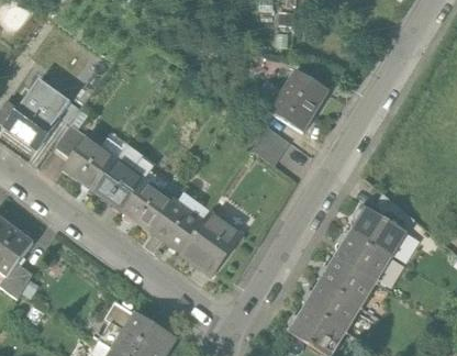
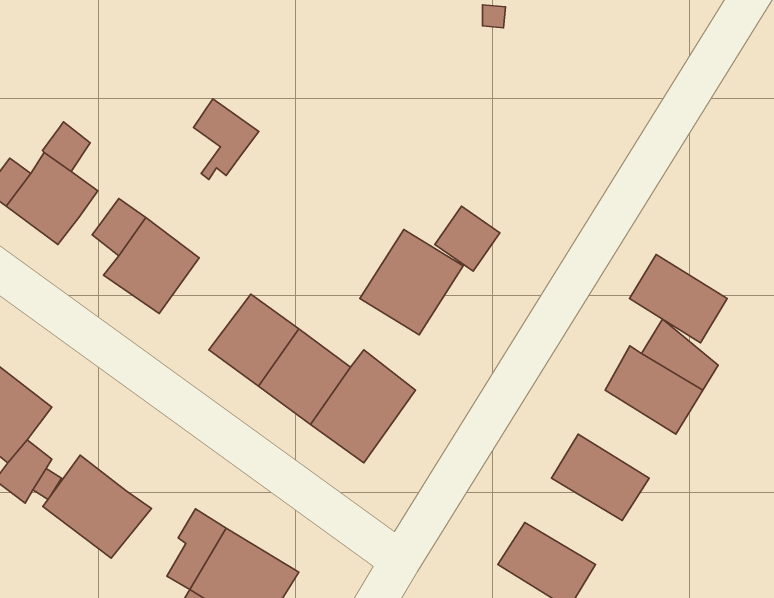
building: [269,73,328,133] -> [360,229,463,335]
building: [43,91,80,137] -> [194,99,259,179]
building: [93,157,146,210] -> none
building: [334,233,390,283] -> [630,255,727,343]
building: none -> [43,455,151,558]
building: [303,283,359,333] -> none

